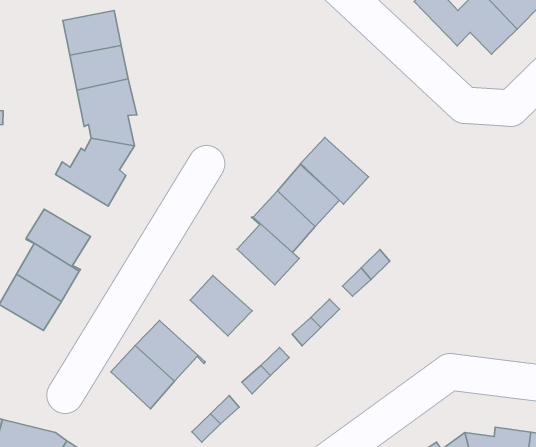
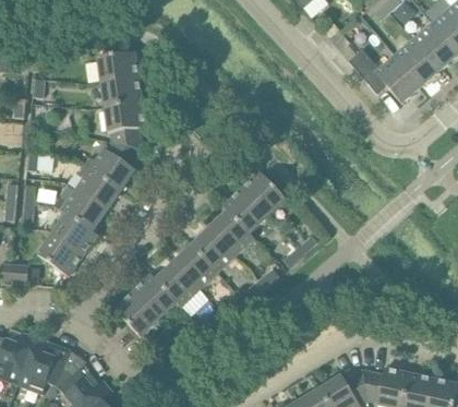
building: [301,137,369,204] -> none
building: none -> [74,166,120,212]
building: none -> [191,228,234,273]
building: none -> [150,262,198,307]

